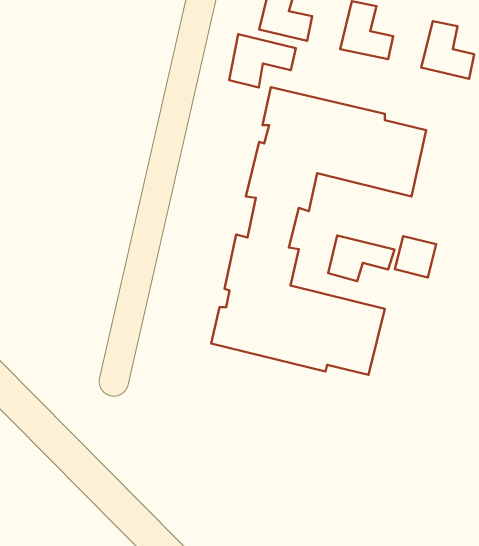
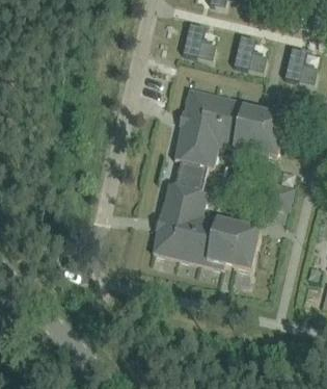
building: [229,34,296,88] -> none
building: [328,235,394,281] -> none

